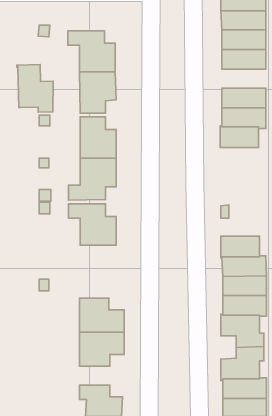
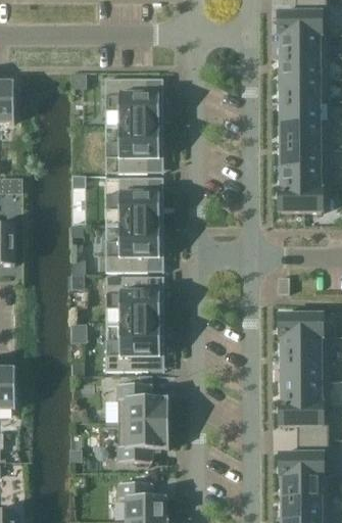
building: [17,65,53,112] -> none
building: none -> [279,123,329,144]
building: none -> [104,323,158,370]

